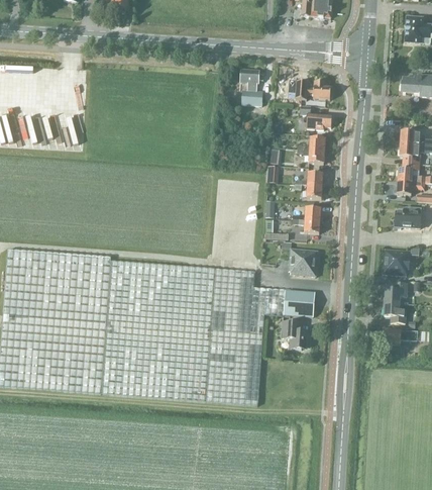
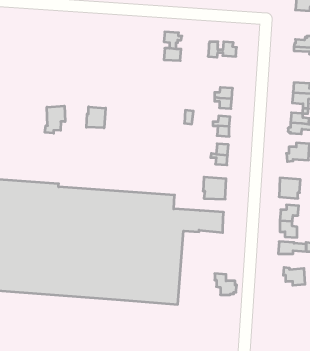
building: [302,105,333,128] -> none
building: none -> [45,106,65,133]
building: none -> [86,107,106,128]
building: [283,321,310,348] -> [215,274,237,295]
building: none -> [283,267,305,285]

